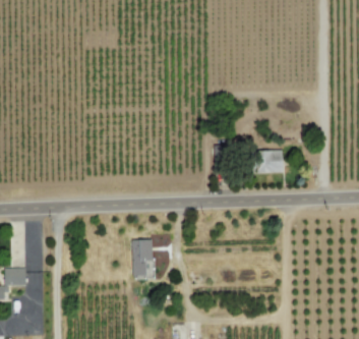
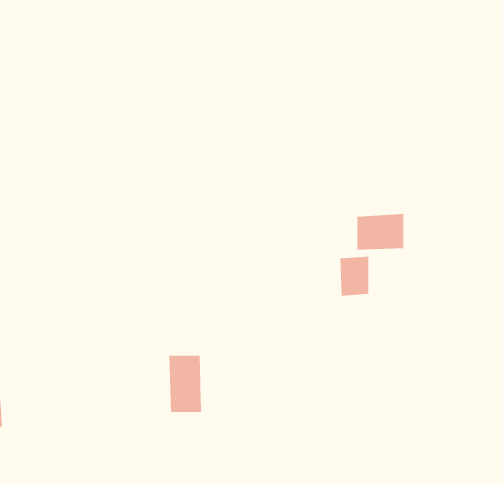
building: none -> [340,256,369,296]

